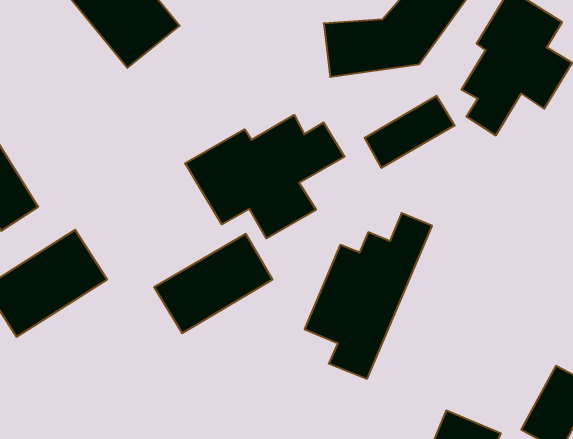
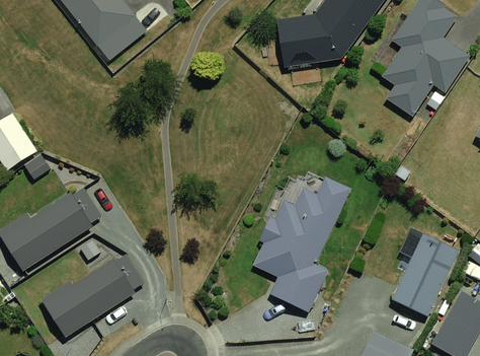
building: [365,96,455,168] -> none
building: [185,115,345,238] -> none
building: [154,234,273,333] -> [43,257,137,336]
building: none -> [390,236,458,317]

